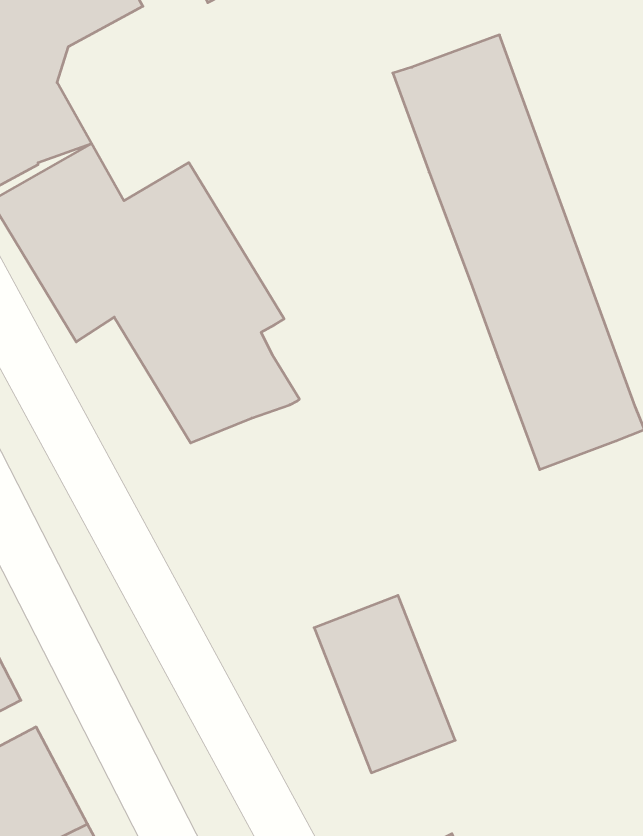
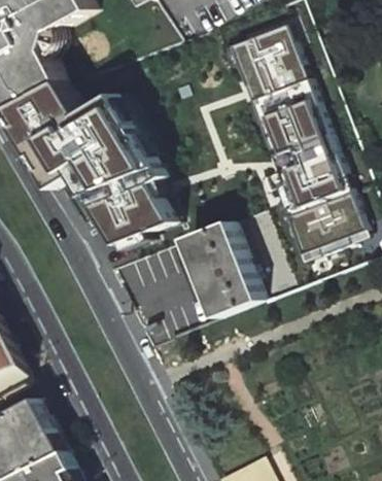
building: [314,595,455,773] -> [184,220,261,316]

